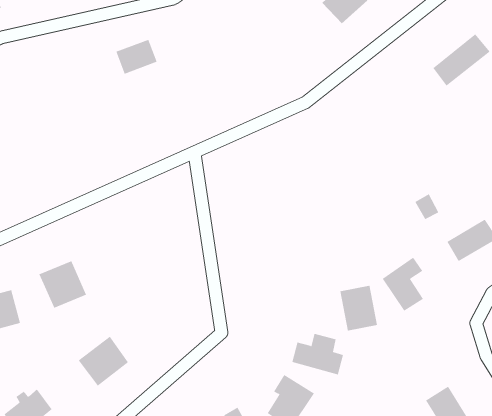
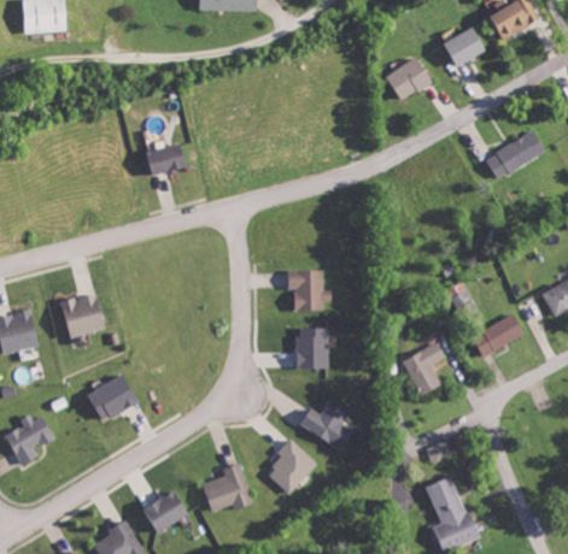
building: [116,39,157,74] -> [147,143,187,175]
building: none -> [288,270,332,311]
building: [340,285,378,331] -> [295,326,328,369]

